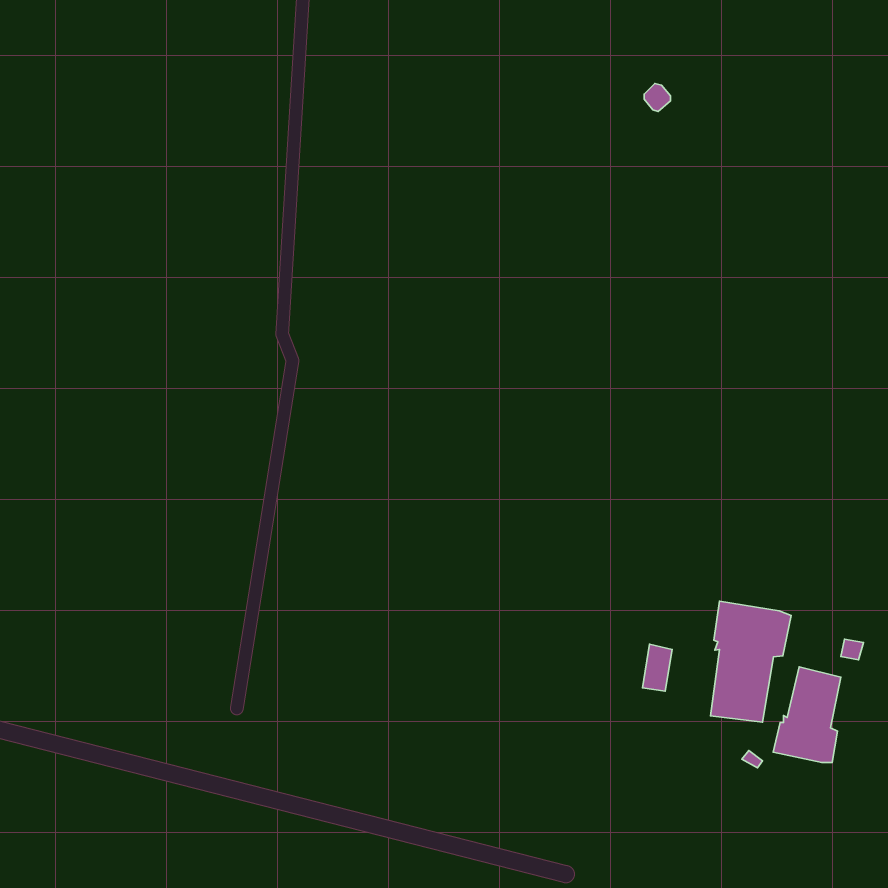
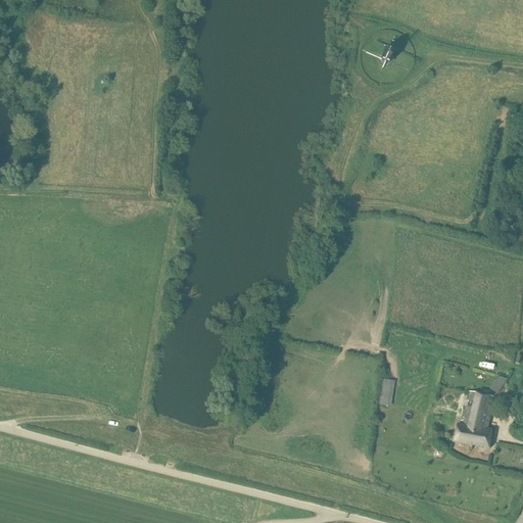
building: [711,601,791,722] -> none

